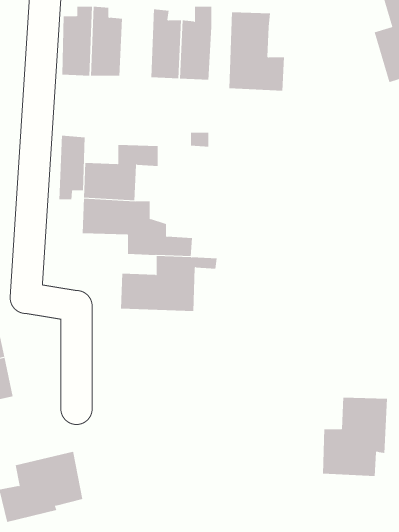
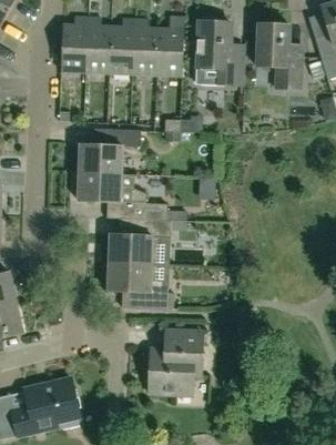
building: none -> [109,18,135,73]
building: none -> [256,22,303,89]
building: [59,135,85,200] -> none
building: none -> [108,261,172,307]
building: [322,397,388,477] -> [149,328,202,393]

